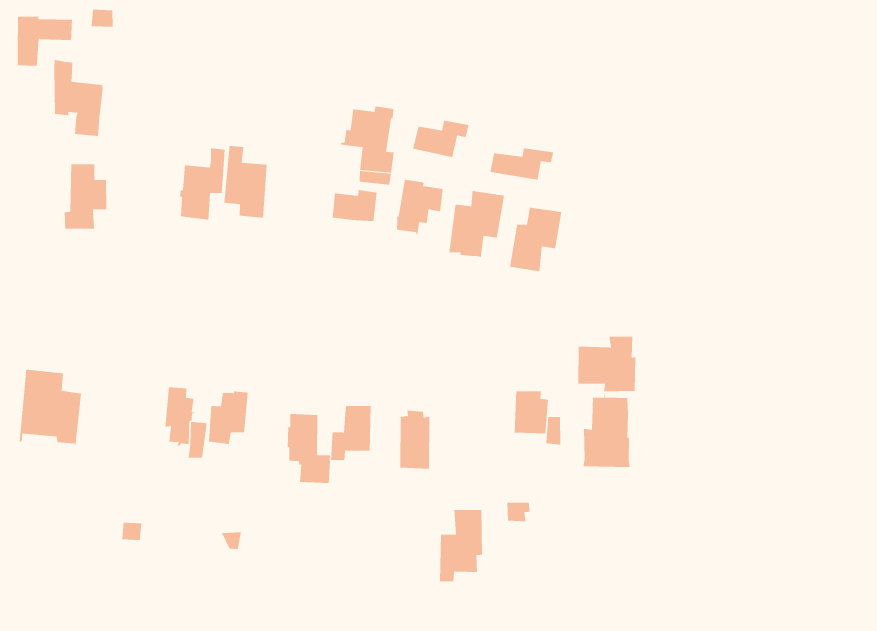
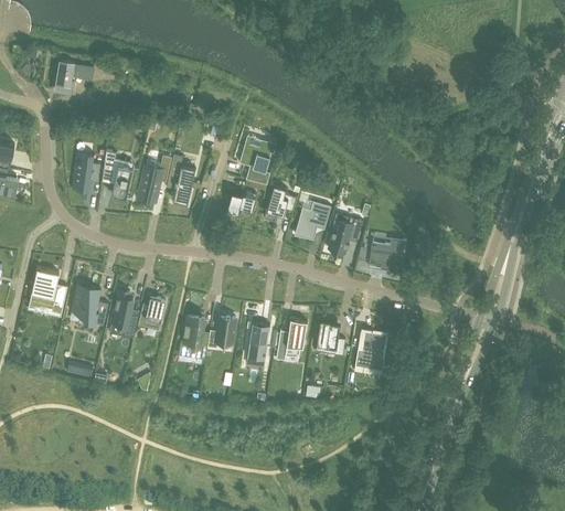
building: [53,59,104,136] -> [100,149,131,198]
building: [412,120,469,158] -> none
building: [490,147,554,180] -> none
building: [578,336,636,392] -> [367,239,404,274]
building: none -> [71,283,107,324]
building: [439,509,483,582] -> [275,318,306,360]

